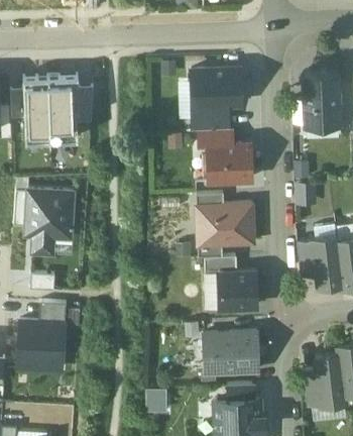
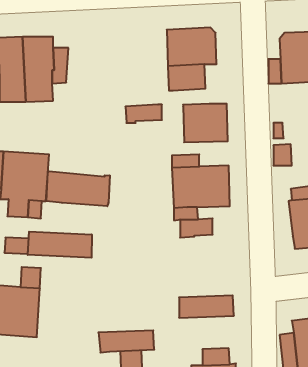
building: [197,127,233,145] -> [125,105,162,123]
building: none -> [47,171,110,206]
building: [296,239,316,277] -> none
building: none -> [28,232,92,258]
building: [218,272,256,310] -> none
building: [203,353,258,375] -> [98,330,154,353]

